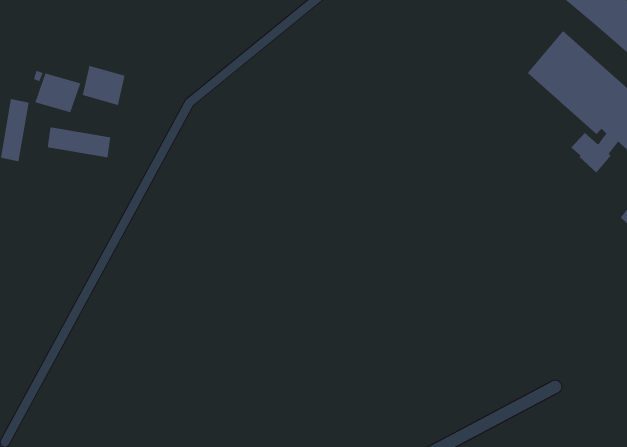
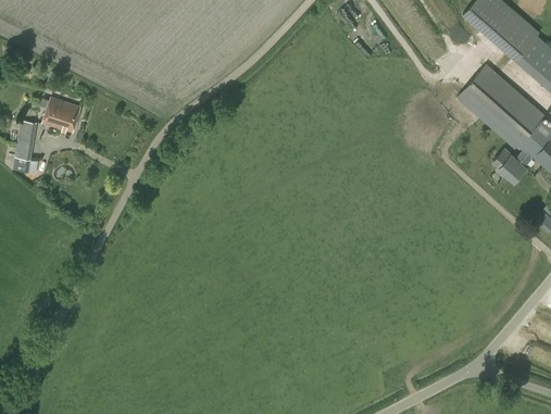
building: [82,65,125,106] -> none
building: [47,126,111,158] -> none

